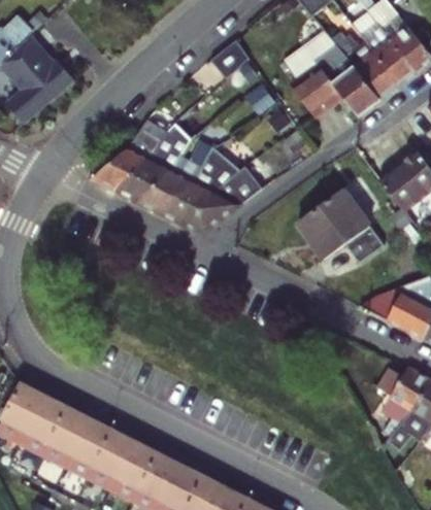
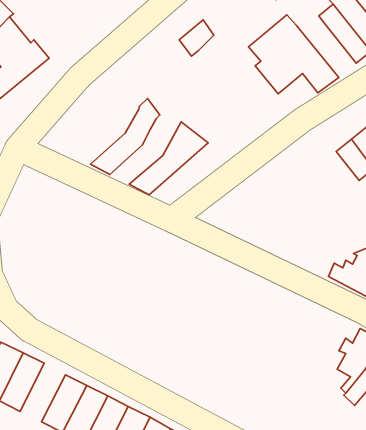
building: [337,36,401,99] -> none
building: [93,118,169,192] -> none
building: [137,140,213,213] -> none
building: [179,169,268,234] -> none
building: [298,189,385,262] -> none
building: [41,405,90,468] -> none

